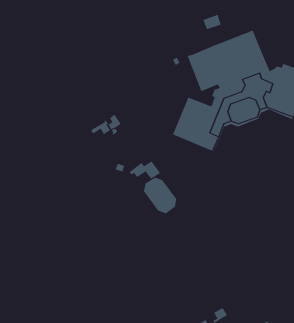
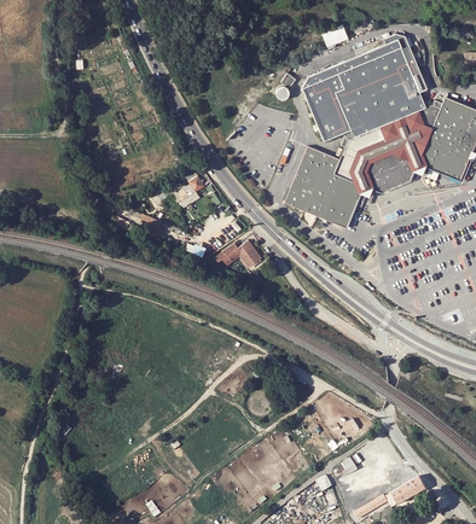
building: none -> [304,36,426,91]
building: [143,177,177,214] -> none

